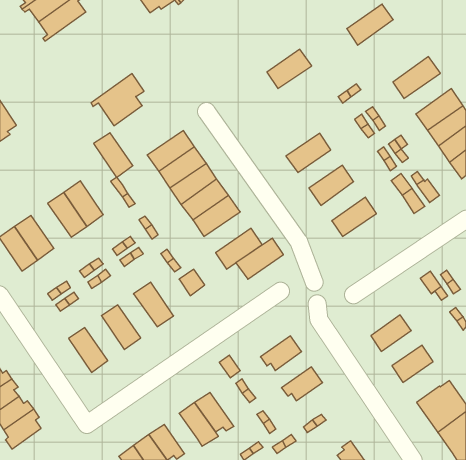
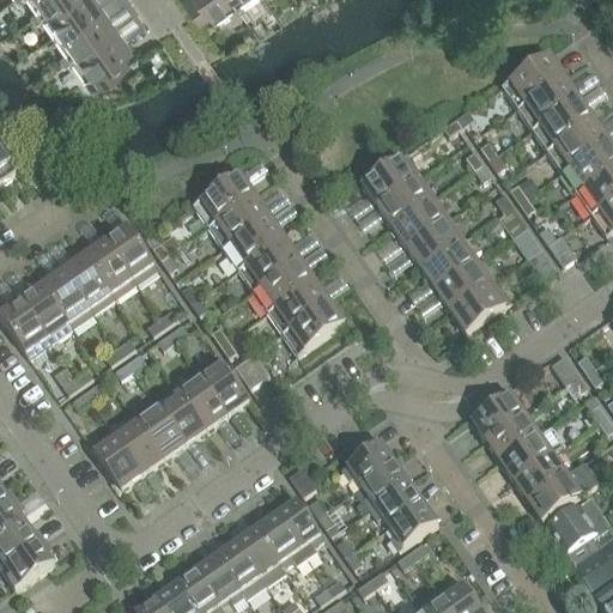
building: [347,4,393,45] -> [500,54,562,108]
building: [267,49,312,89] -> [360,153,419,205]
building: none -> [529,96,591,150]
building: [91,74,144,126] -> [59,16,128,84]
building: [94,133,133,177] -> [105,223,157,281]
building: none -> [390,196,449,247]
building: none -> [420,238,479,290]
building: none -> [41,267,93,326]
building: none -> [449,280,509,333]
building: [236,238,283,279] -> [267,278,329,332]
building: none -> [198,354,249,414]
building: none -> [154,386,206,443]
building: none -> [472,392,524,441]
building: none -> [111,414,163,473]
building: none -> [499,433,553,480]
building: none -> [360,461,408,509]
building: none -> [528,474,582,522]
building: none -> [275,500,323,559]
building: none -> [388,502,437,550]
building: none -> [216,542,265,599]

